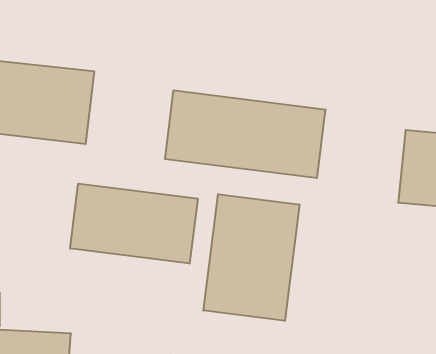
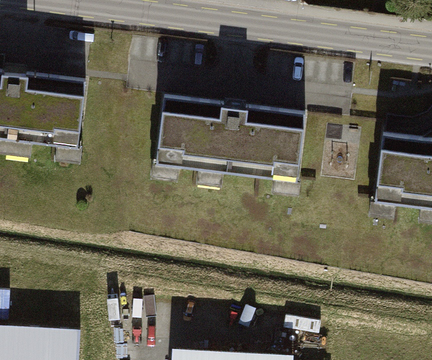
building: [70,184,198,264] -> none
building: [203,194,299,321] -> none

